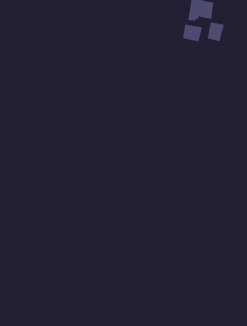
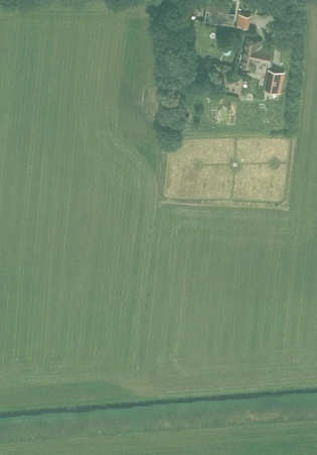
building: [183,24,202,42] -> none

